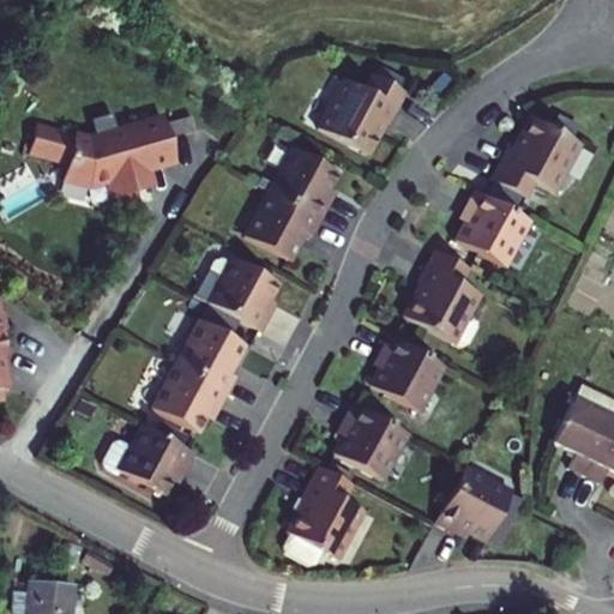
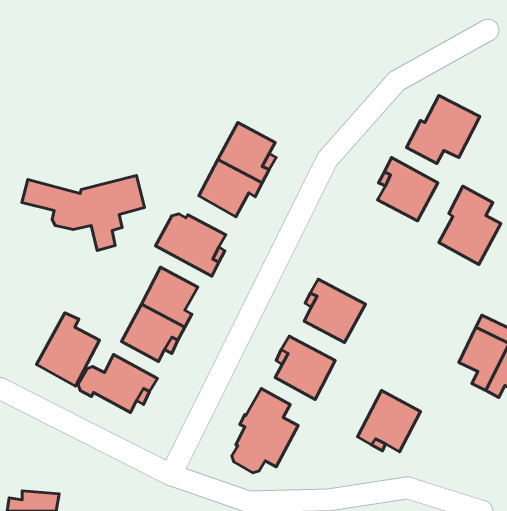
building: [321,73,410,154] -> none
building: [34,121,180,211] -> [22,175,144,251]
building: [405,247,480,341] -> [439,186,501,265]
building: none -> [36,313,100,386]

